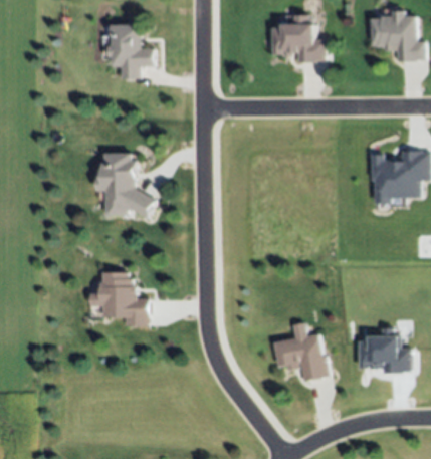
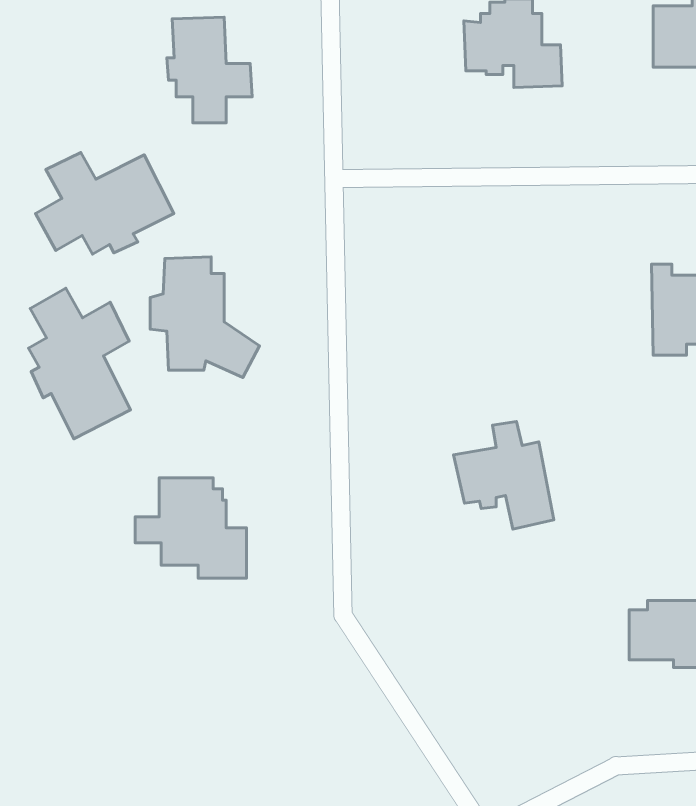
building: none -> [35,152,174,254]
building: none -> [29,288,131,439]
building: [271,322,326,381] -> [453,421,554,529]

